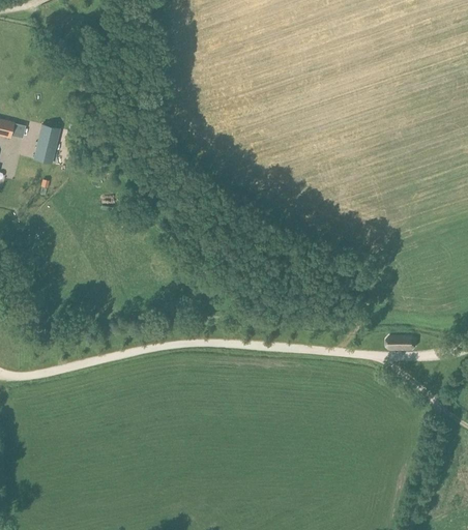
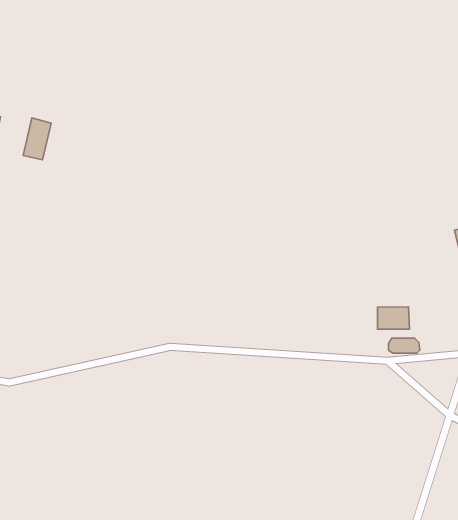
building: none -> [378,307,409,329]

